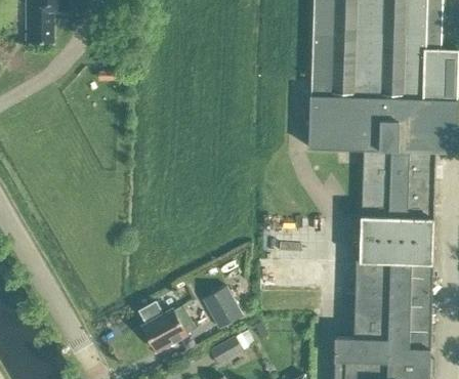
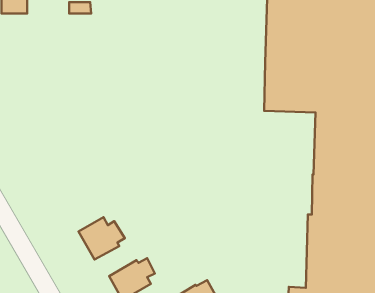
building: none -> [78,217,125,259]
building: [202,285,244,329] -> none

